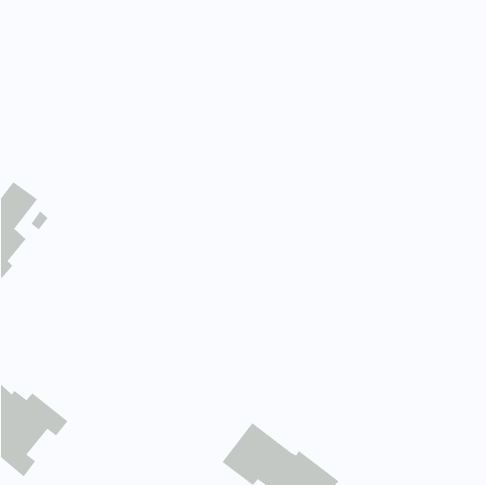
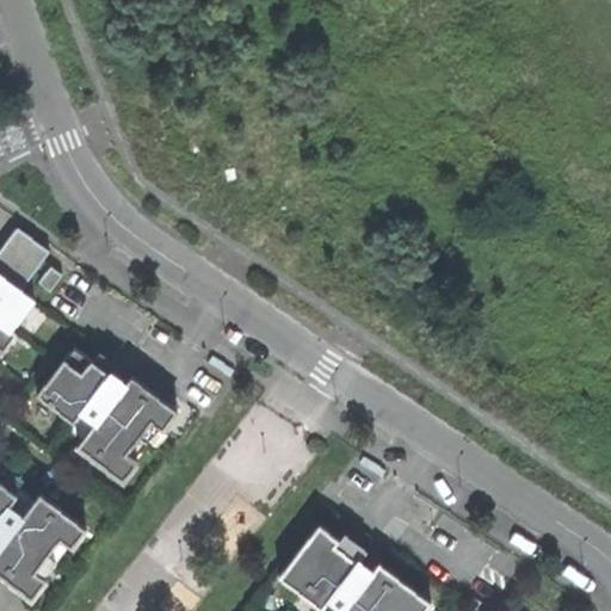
building: none -> [37,347,177,482]

